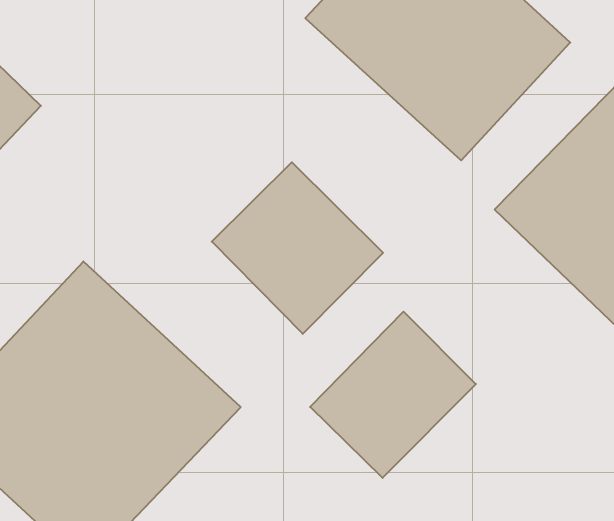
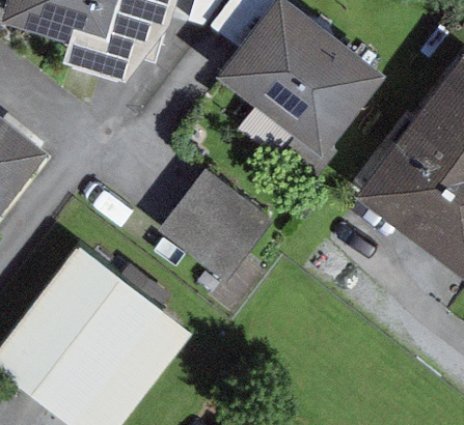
building: [310,312,476,478] -> none

